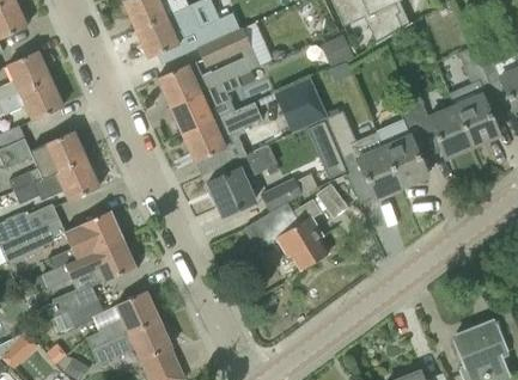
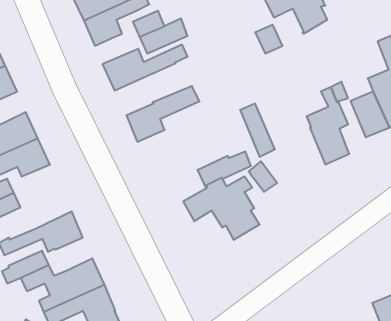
building: [170,76,240,134] -> none
building: [274,79,325,131] -> none
building: [330,121,401,198] -> none
building: [207,145,278,216] -> none
building: [50,212,123,270] -> none

